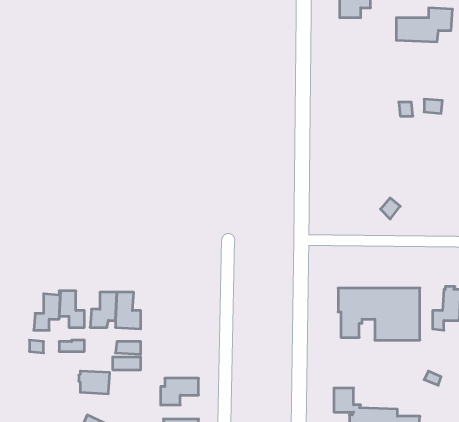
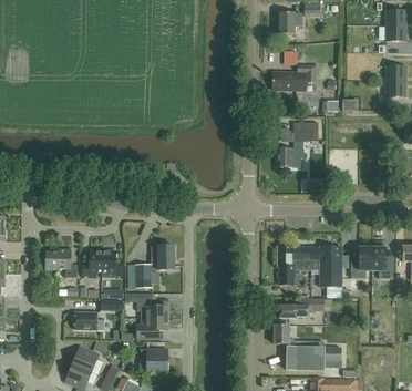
building: [396,8,453,42] -> [272,64,317,91]
building: none -> [277,122,318,167]
building: none -> [135,245,175,288]
building: none -> [137,298,167,317]
building: none -> [279,299,332,318]

